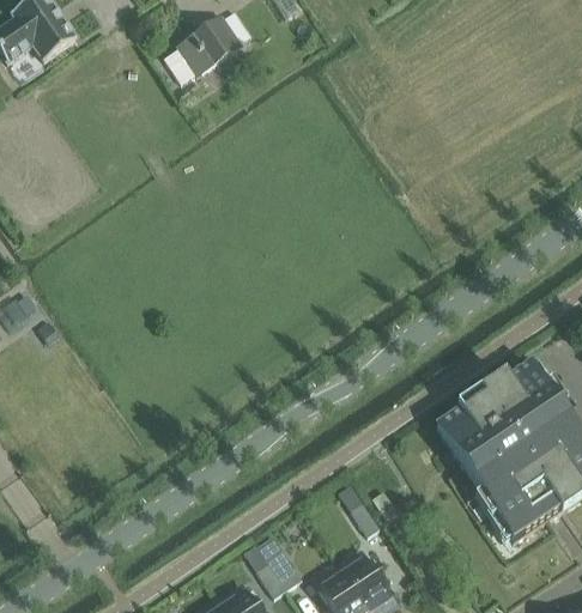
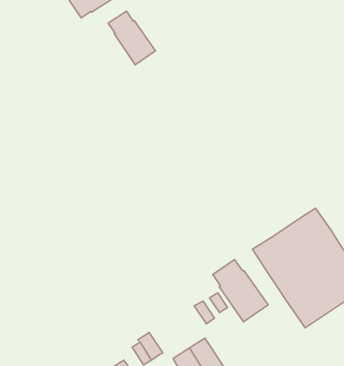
building: none -> [108,11,156,65]
building: none -> [213,260,268,322]

